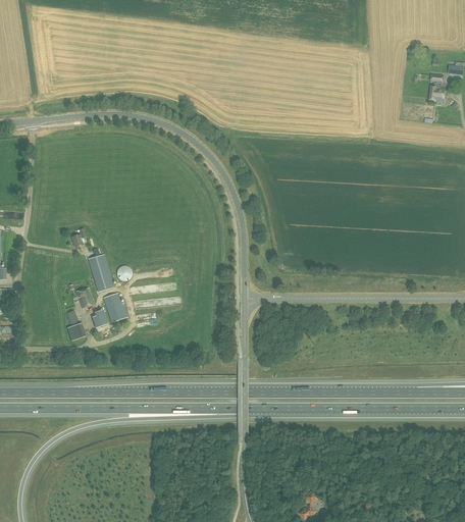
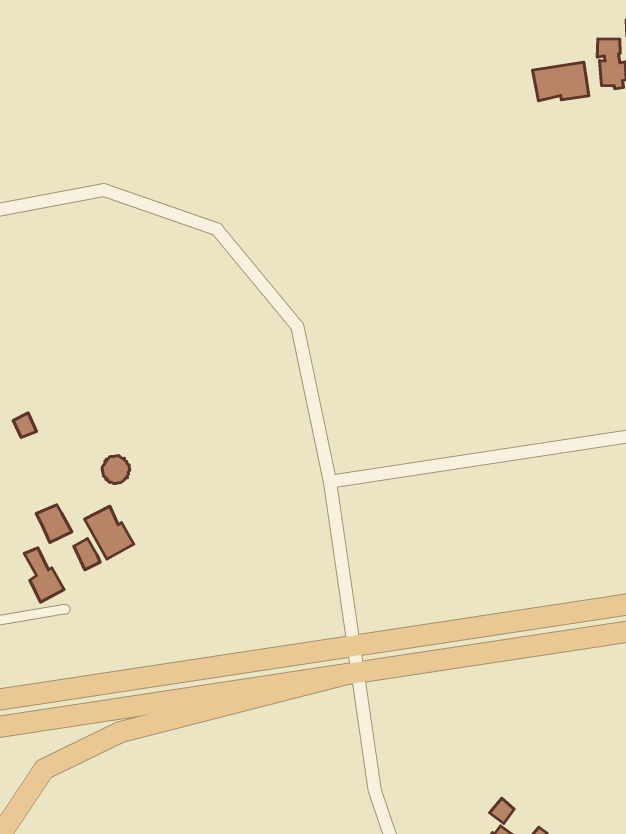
building: none -> [533,62,589,101]
building: [89,249,114,292] -> none

